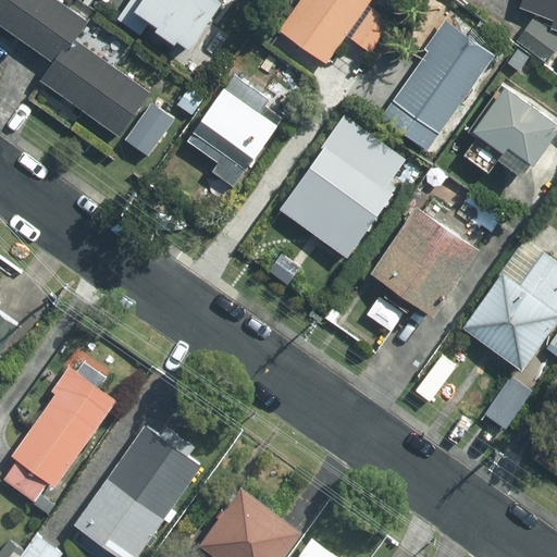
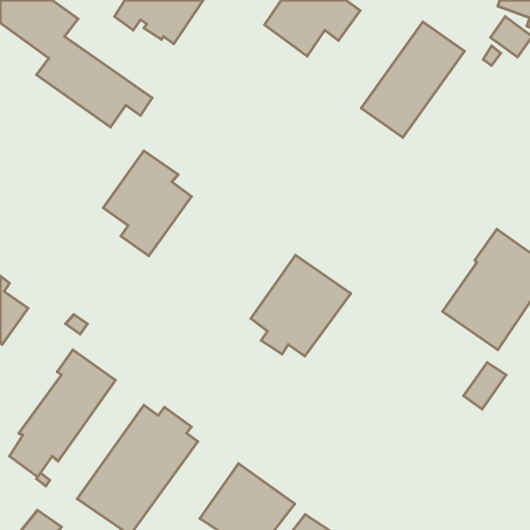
building: [190,74,283,184] -> [103,151,192,256]
building: [466,87,552,176] -> none
building: [277,117,403,256] -> none
building: [369,208,473,313] -> [251,255,351,356]

